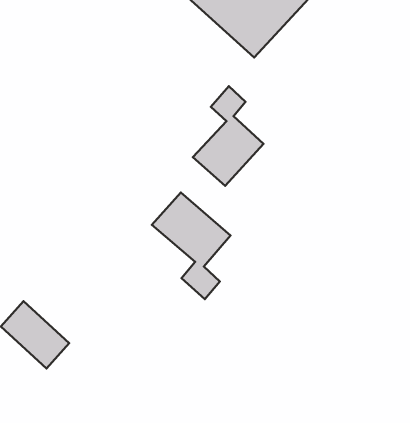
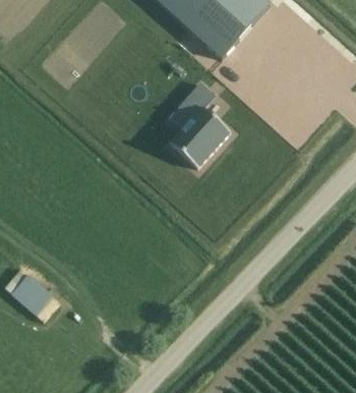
building: [152,192,230,299] -> none

